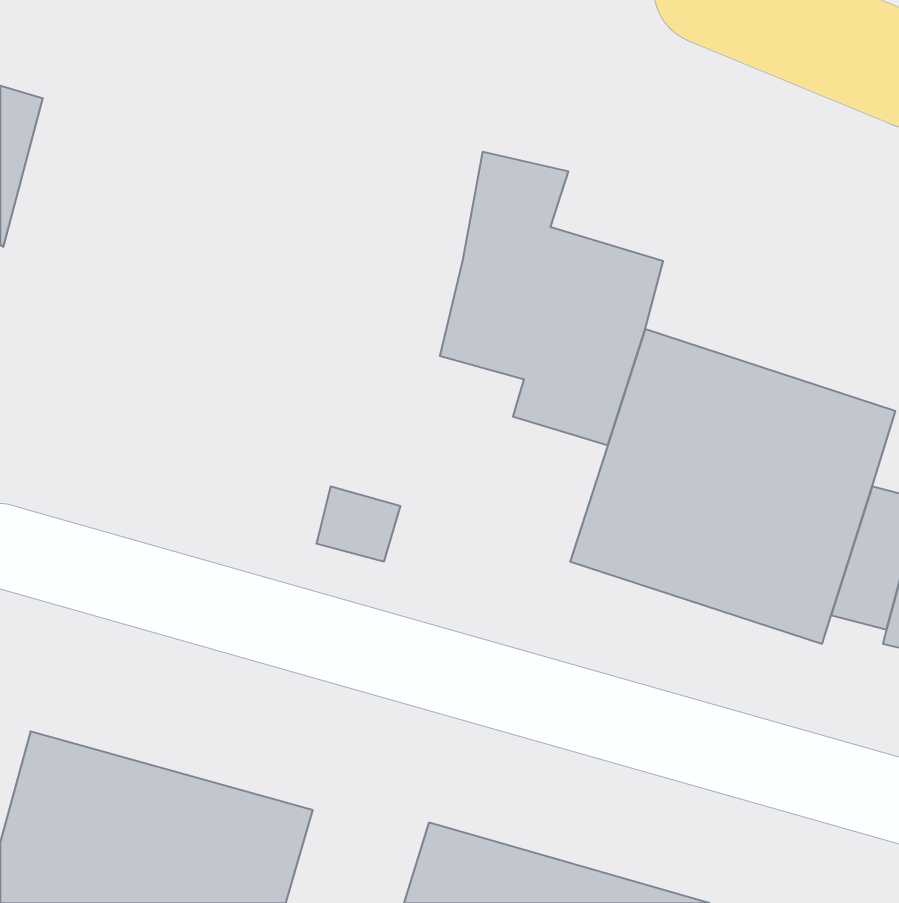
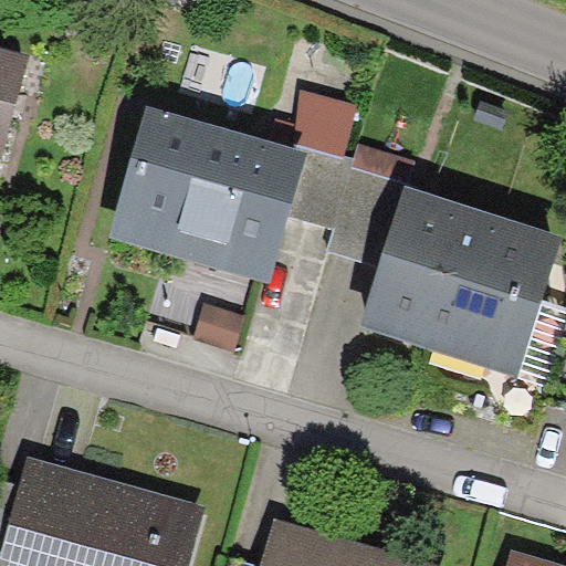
building: none -> [103,122,295,295]

